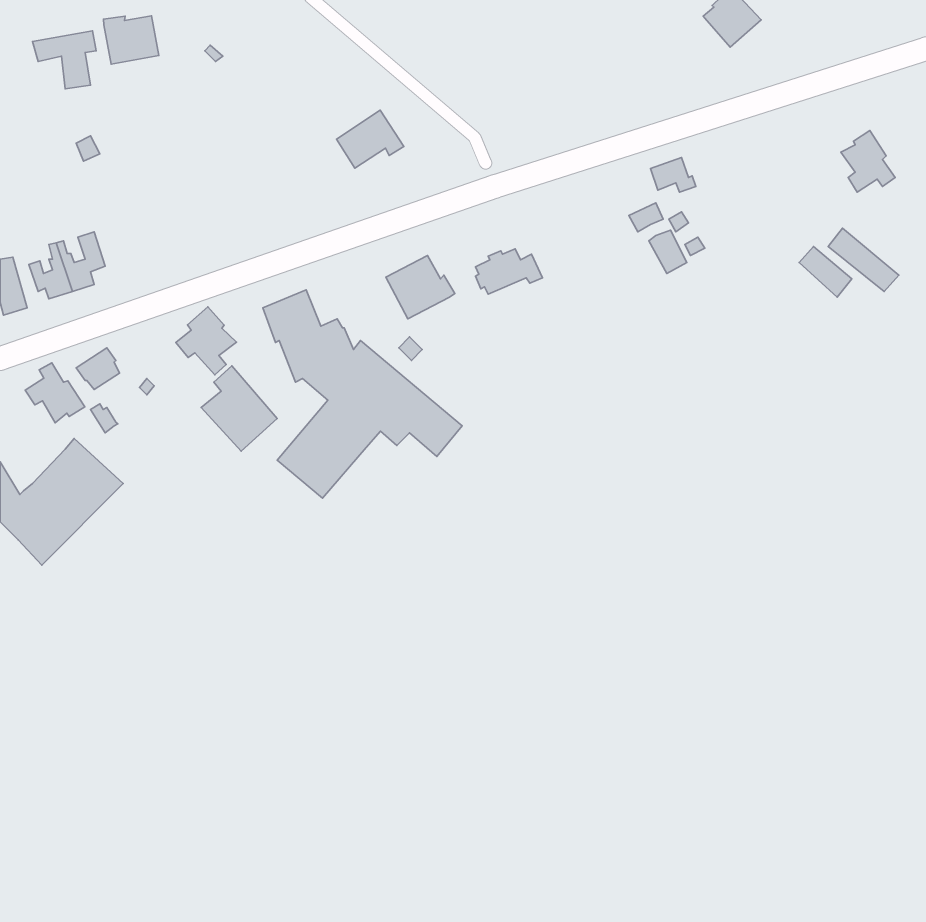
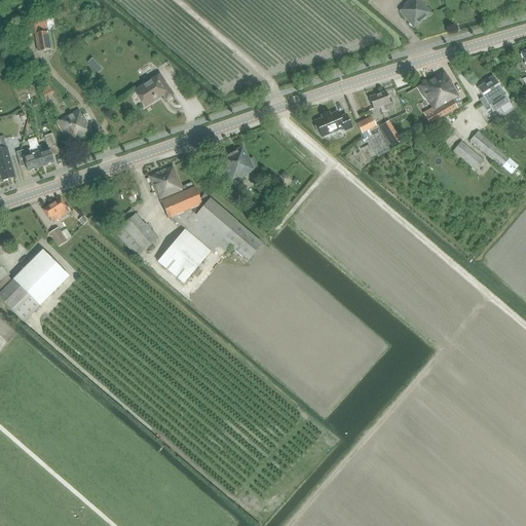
building: [104,16,159,64] -> none
building: [337,110,404,168] -> [136,72,174,105]
building: none -> [418,70,458,121]
building: none -> [57,109,91,143]
building: [475,249,542,294] -> [314,110,352,136]
building: [176,307,236,375] -> none
building: [25,363,85,423] -> none

